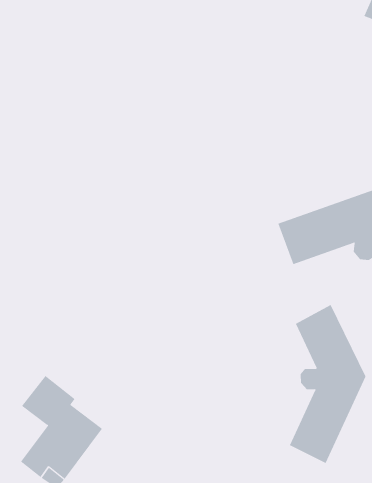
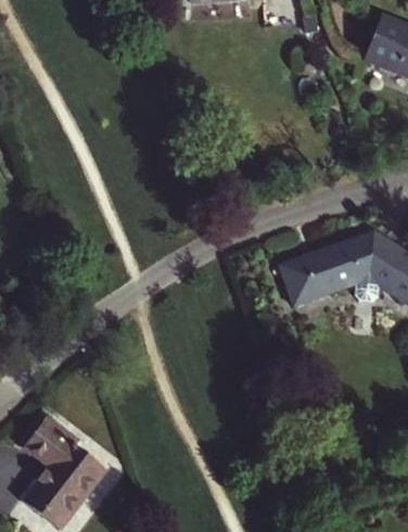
building: [289,304,366,464] -> none

